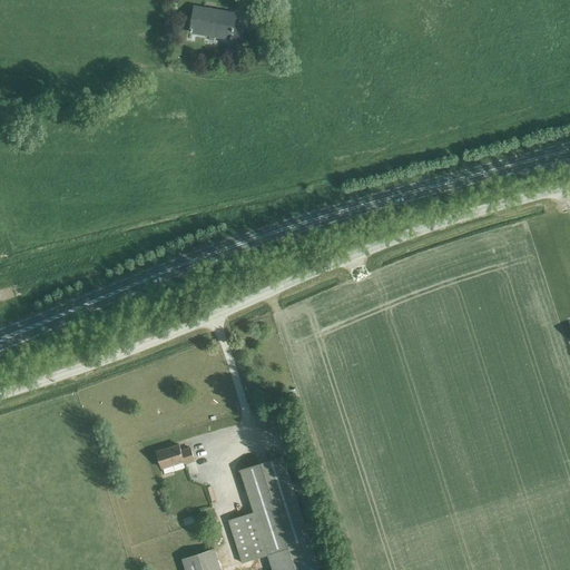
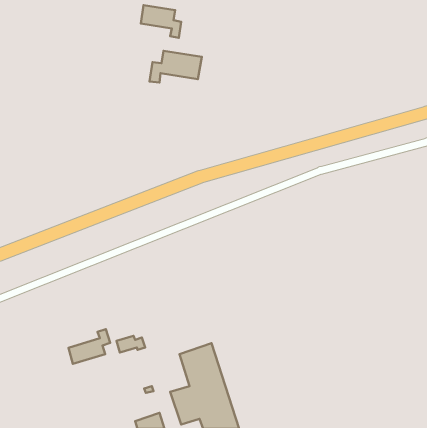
building: none -> [149,51,202,83]
building: none -> [69,329,110,364]

